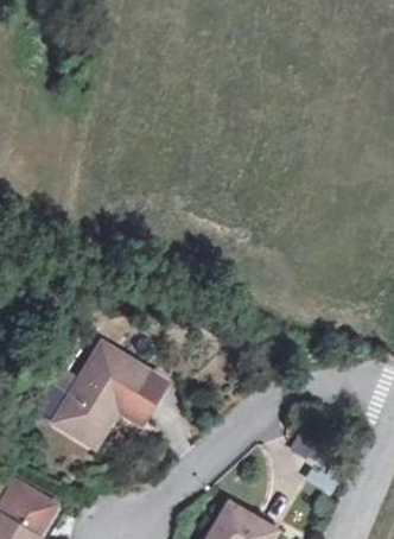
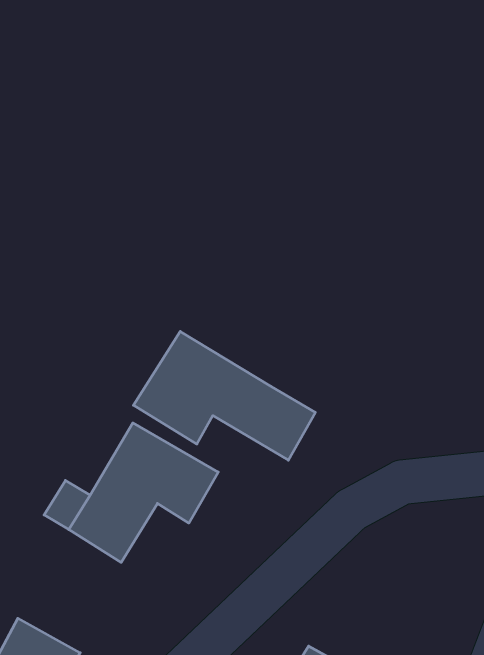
building: none -> [133,331,315,460]

